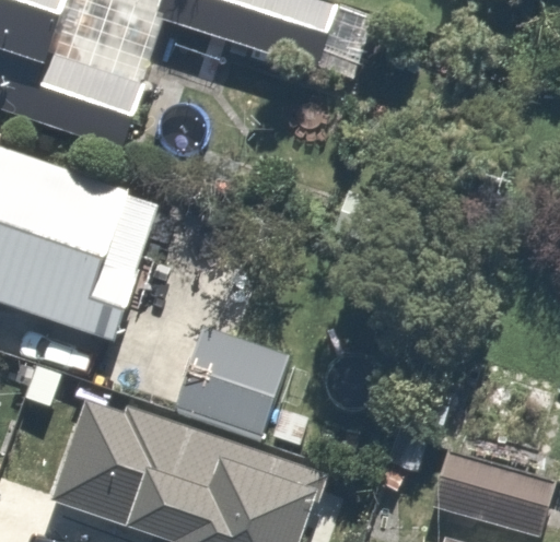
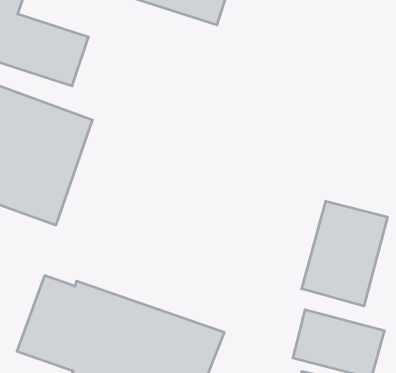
building: none -> [302,201,387,306]
building: [170,325,293,432] -> none

